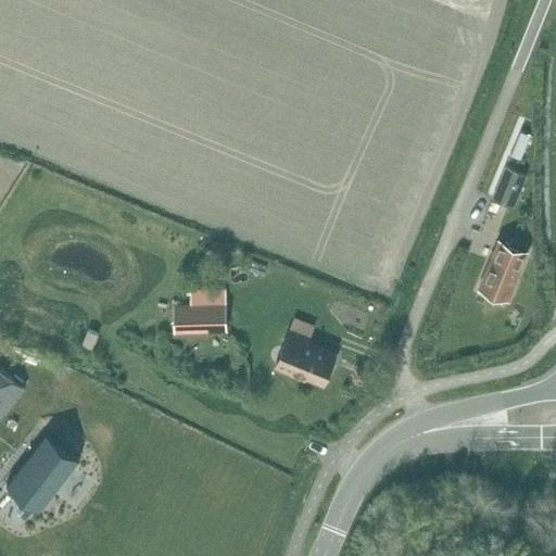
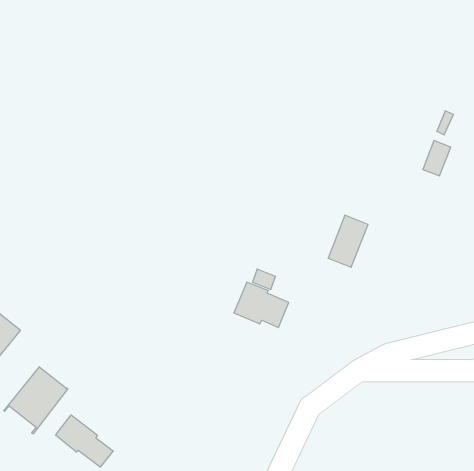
building: [479,244,526,305] -> [328,215,368,267]
building: [173,293,226,339] -> none
building: none -> [56,415,113,467]

